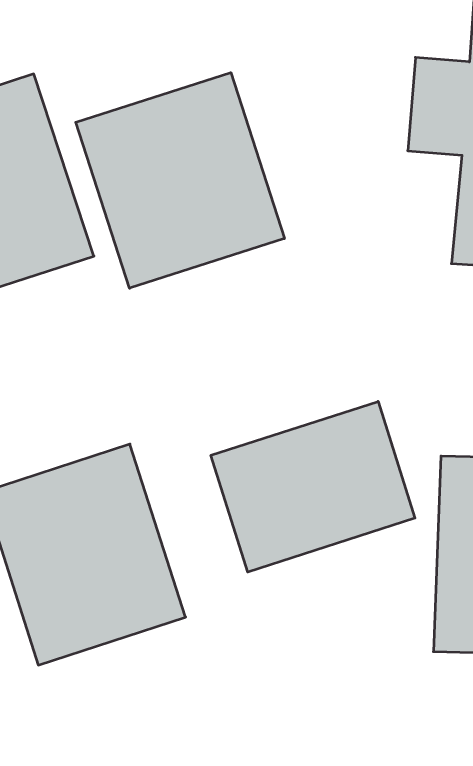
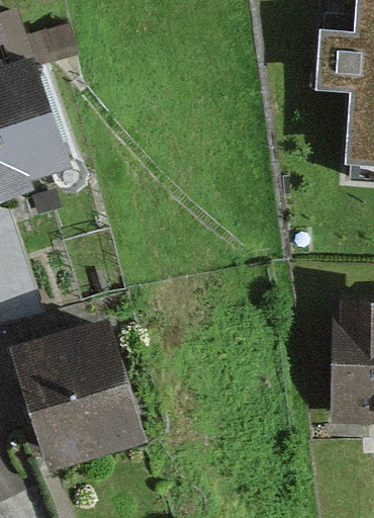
building: [76,73,284,288] -> none
building: [211,401,415,572] -> none

